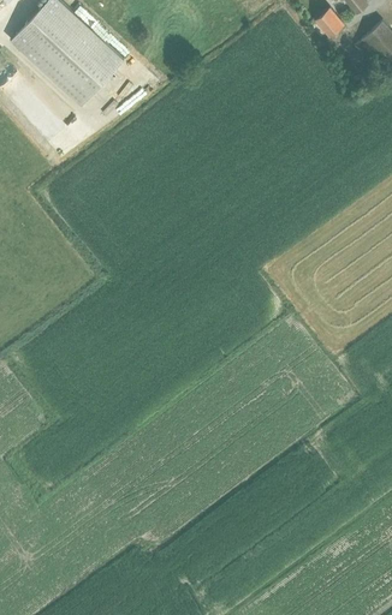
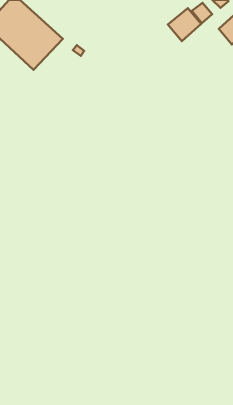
building: none -> [168,8,201,41]

